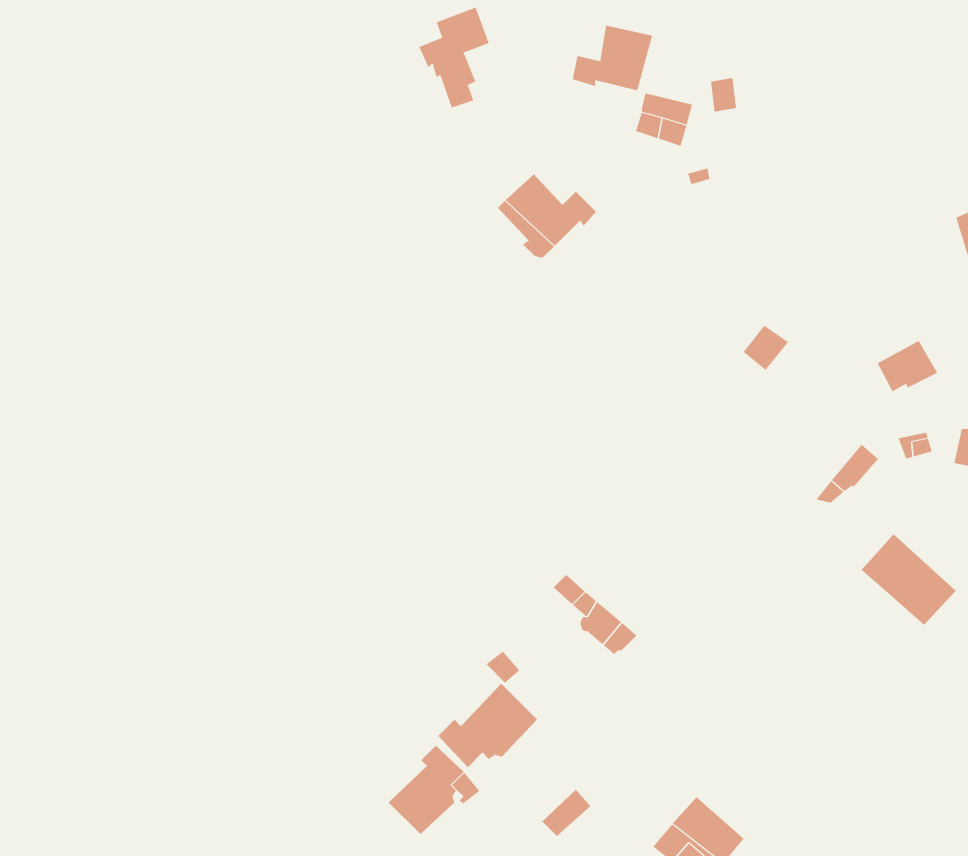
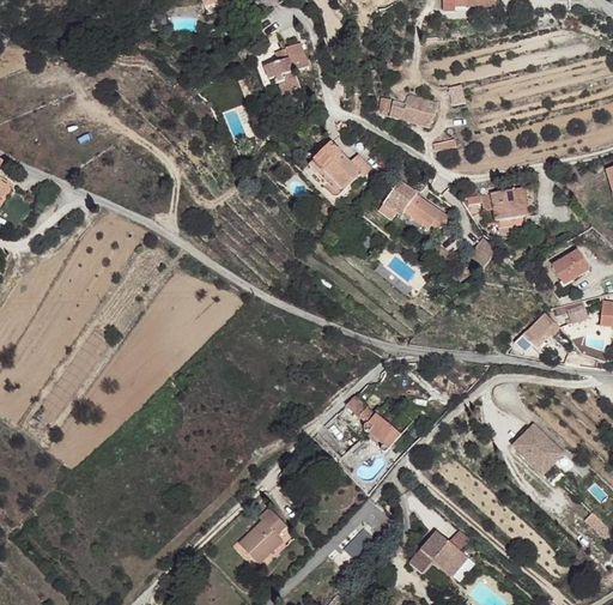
building: [572,25,653,91] -> none
building: none -> [380,180,454,230]
building: none -> [465,187,522,222]
building: [861,533,957,625] -> [514,421,573,478]
building: [438,683,538,768] -> none

